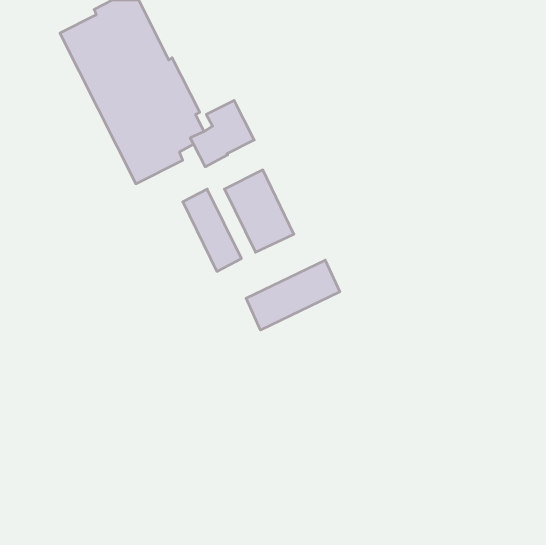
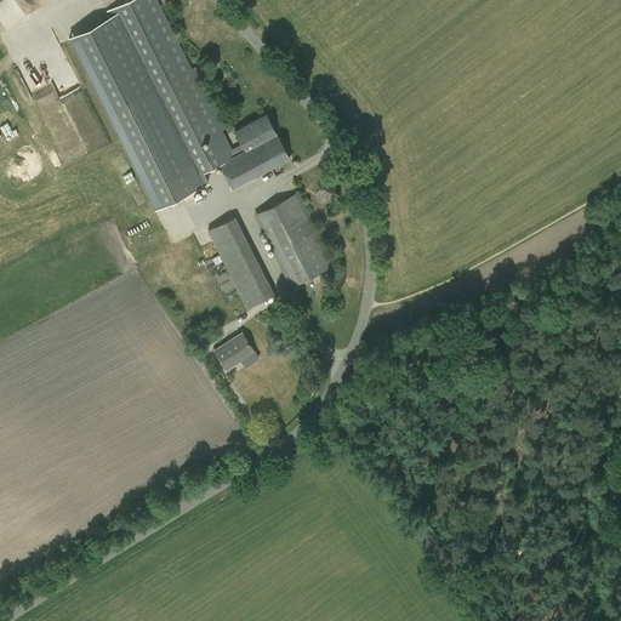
building: [246,260,340,330] -> none
building: none -> [213,334,258,368]

